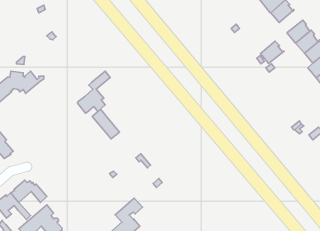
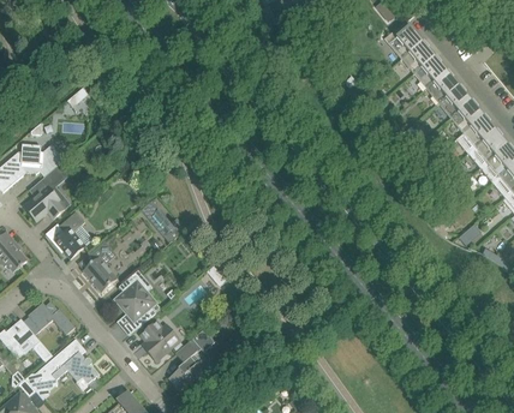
building: [260,41,284,63] -> [413,55,448,88]
building: [77,71,110,113] -> [23,160,71,221]
building: none -> [54,211,84,258]
building: none -> [82,241,116,293]
building: none -> [114,270,160,327]
building: none -> [139,321,179,361]

